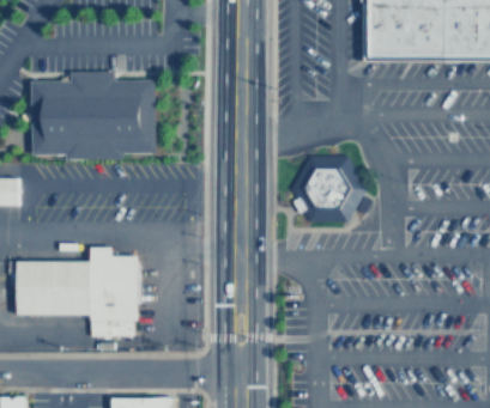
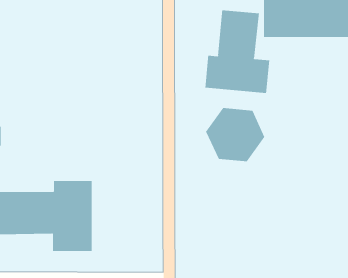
building: none -> [205,10,270,94]
building: [36,69,159,156] -> none

